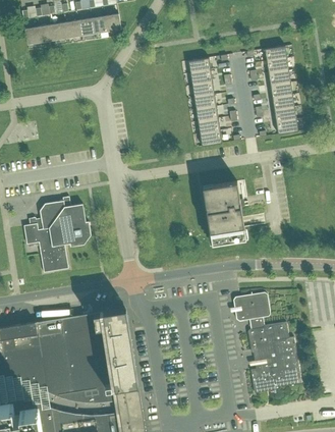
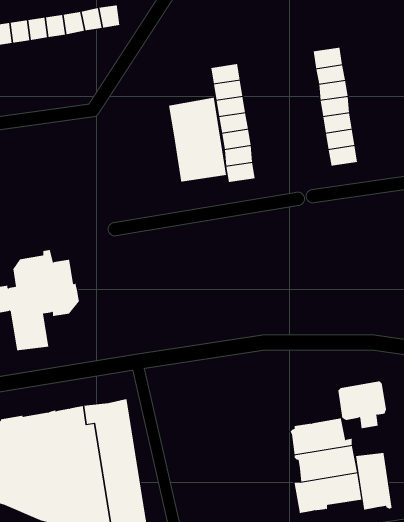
building: [202,180,245,244] -> [168,97,227,182]
building: [232,291,269,327] -> [338,381,387,429]
building: none -> [355,452,392,511]

